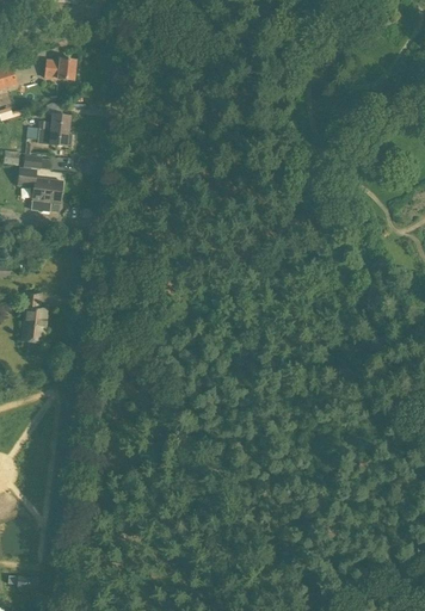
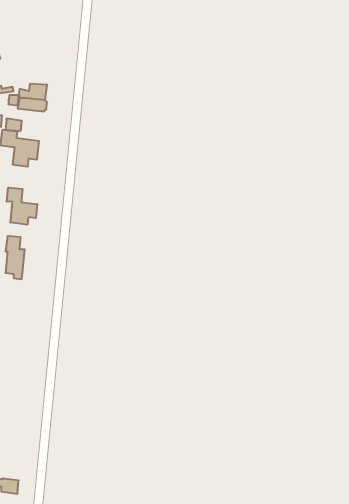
building: [45,58,75,80] -> none
building: none -> [7,188,37,225]

